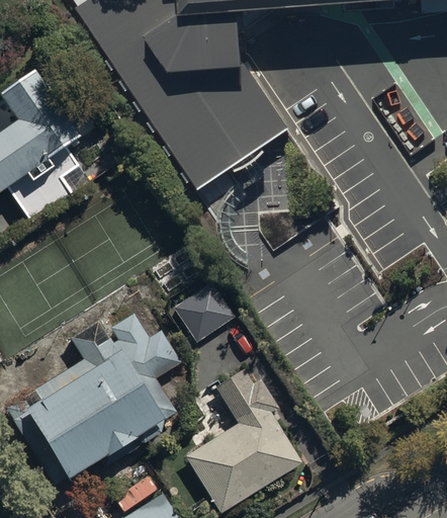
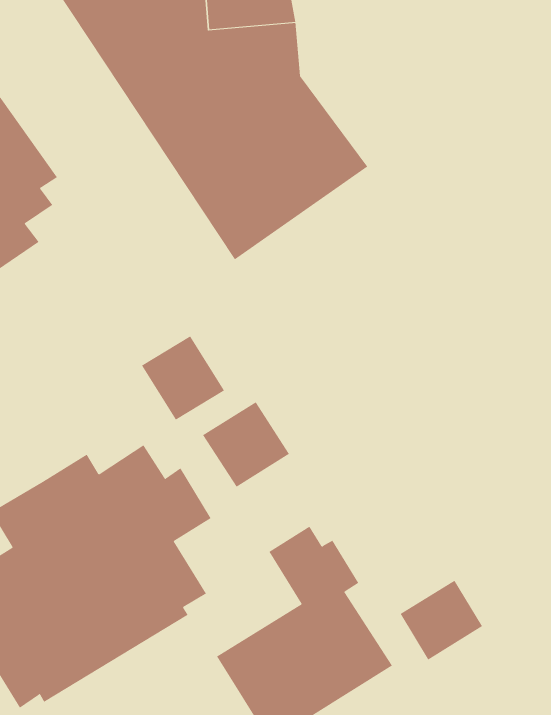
building: none -> [141,336,225,420]
building: none -> [400,580,483,660]

